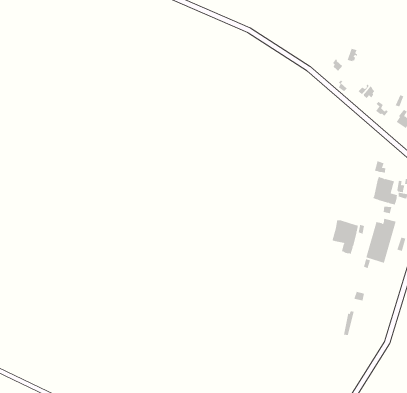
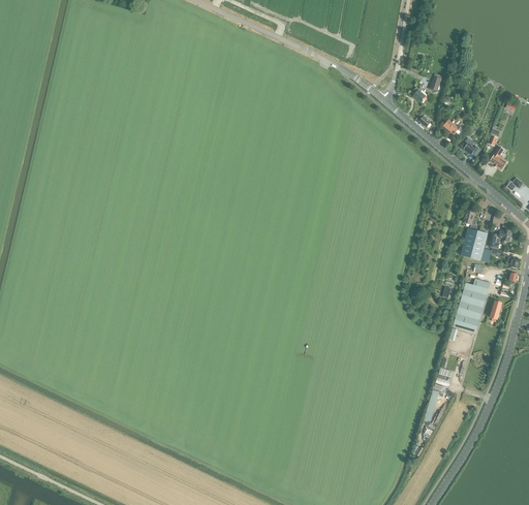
building: [332,219,359,255] -> none

